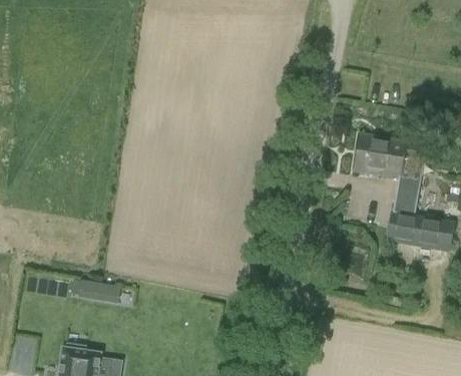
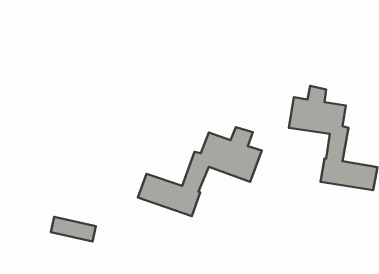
building: none -> [138,127,262,216]

